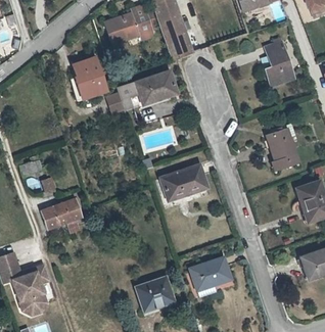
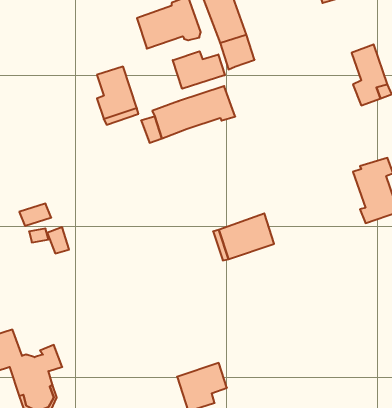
building: none -> [173,51,225,89]
building: [42,197,83,228] -> none
building: [190,256,232,296] -> none

